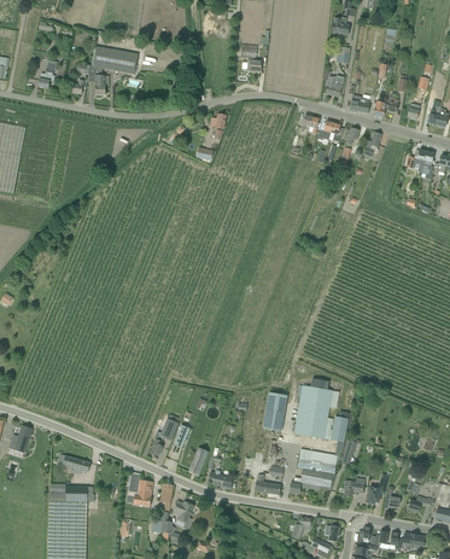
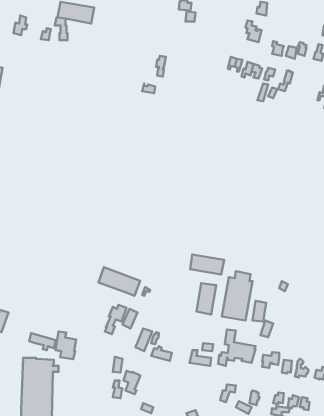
building: none -> [190,254,224,274]
building: none -> [98,267,140,296]
building: [128,472,153,506] -> [55,332,76,359]

